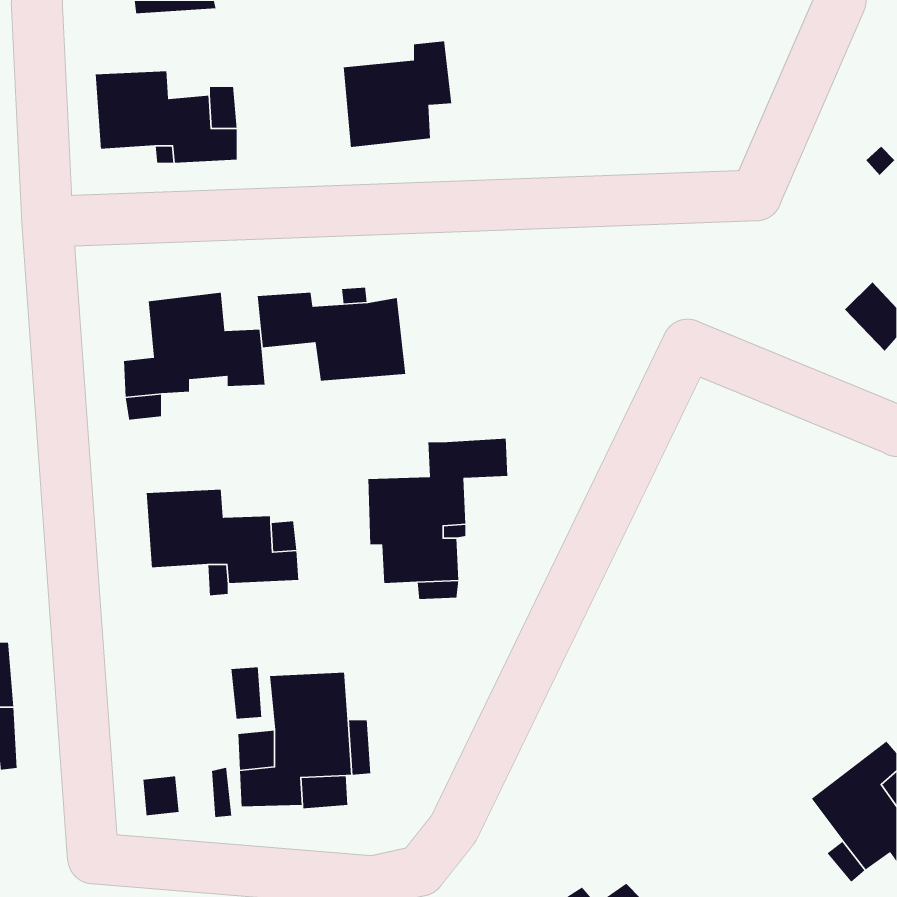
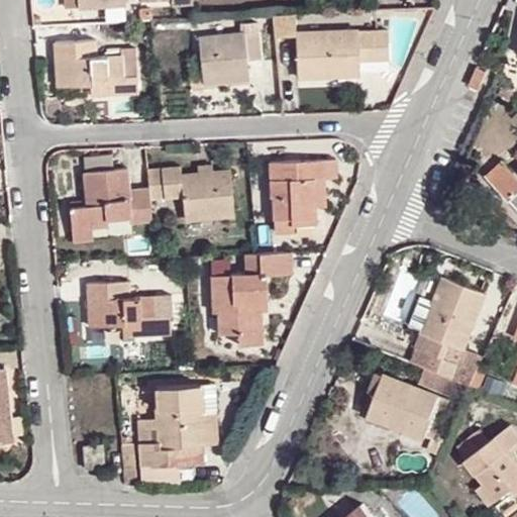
building: none -> [297,30,389,78]
building: none -> [271,162,334,234]
building: none -> [415,279,483,380]
building: none -> [373,375,439,436]

